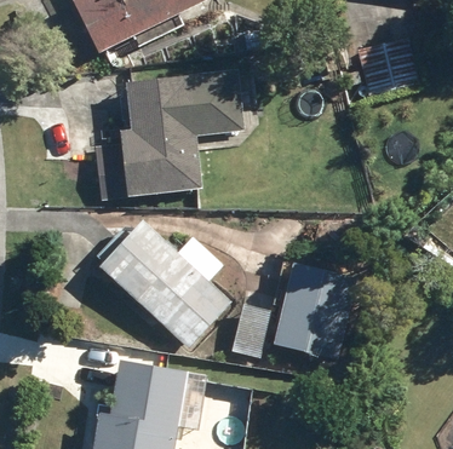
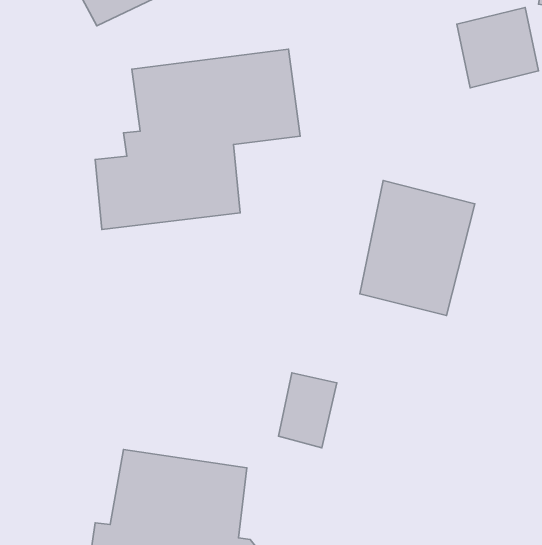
building: [97,219,231,350] -> none
building: [274,263,357,361] -> [360,181,475,316]

